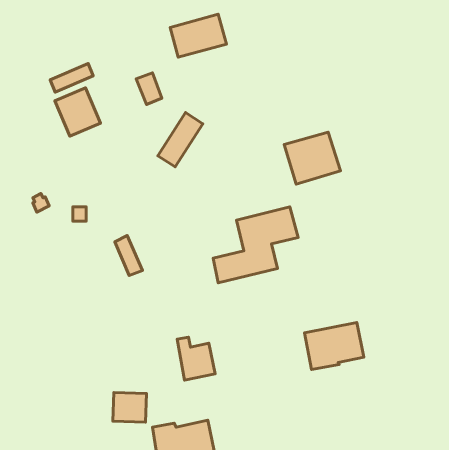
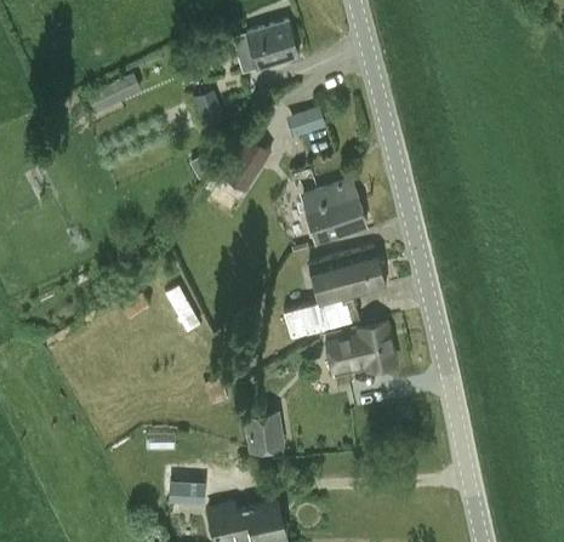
building: none -> [283,105,325,139]
building: [55,88,101,136] -> none
building: [284,132,340,184] -> [300,181,366,243]
building: [304,322,364,370] -> [325,323,395,378]

